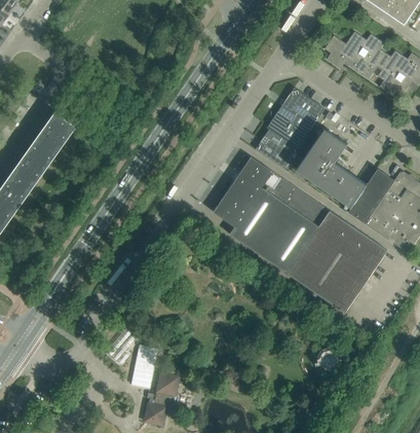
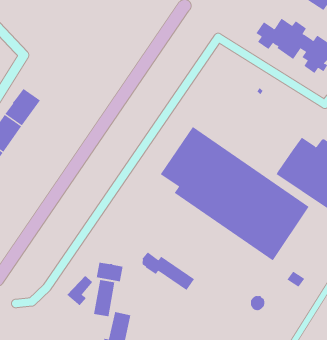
building: [256,89,323,168] -> none
building: [295,129,366,207] -> none
building: none -> [142,252,195,291]
building: none -> [96,262,123,282]

